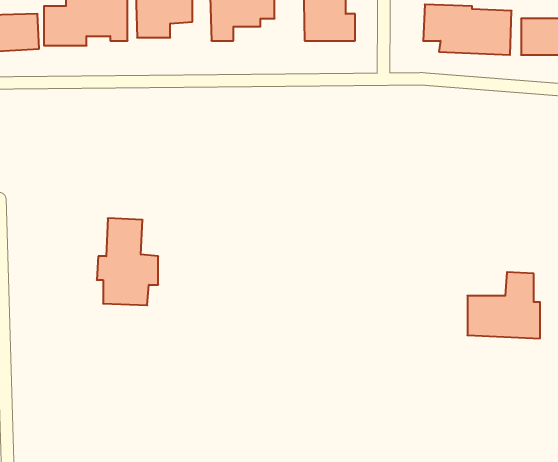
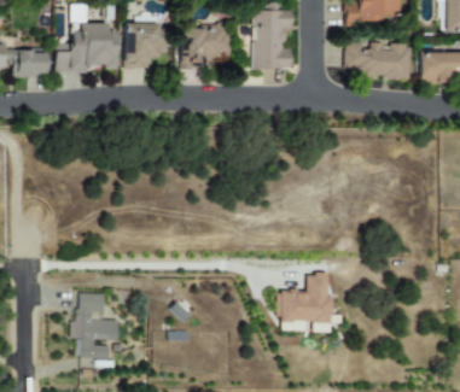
building: [97,218,158,305] -> [74,292,121,358]
building: [467,272,540,338] -> [280,273,336,323]

